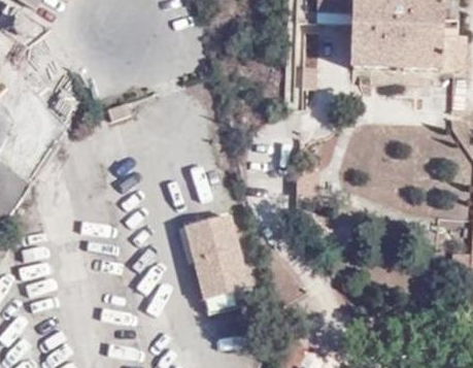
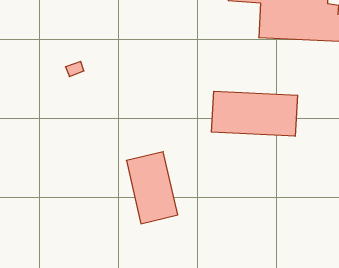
building: none -> [211,91,298,136]

